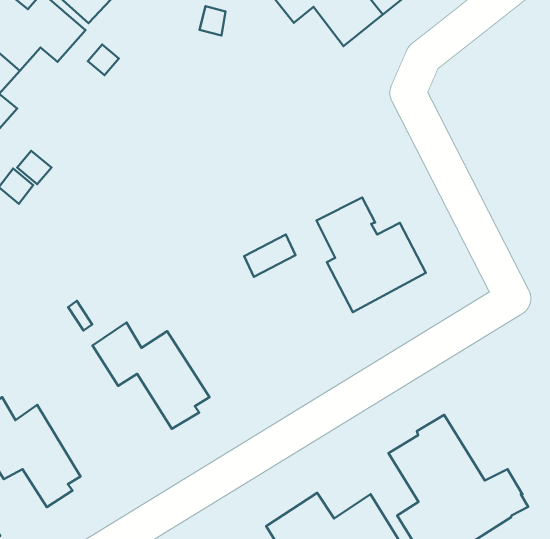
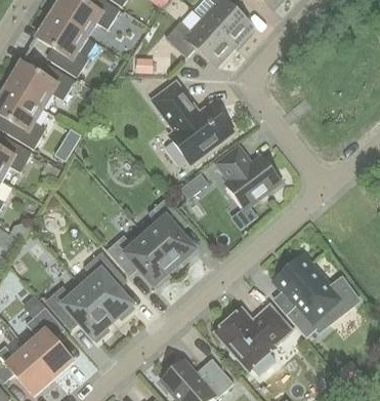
building: none -> [153,81,231,161]
building: none -> [145,197,197,266]
building: none -> [82,250,134,320]

